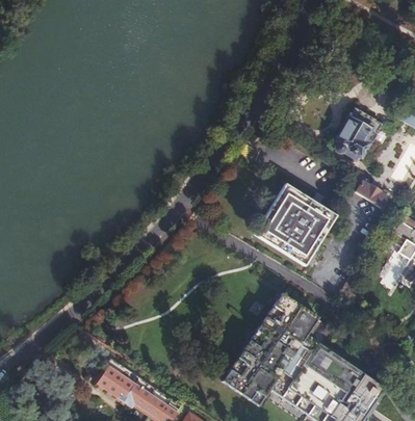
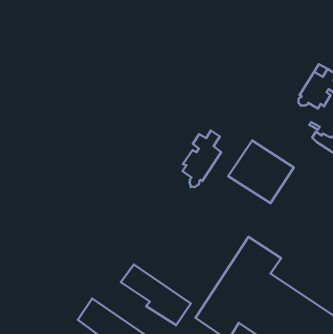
building: none -> [183,130,221,187]
building: none -> [121,264,191,325]

